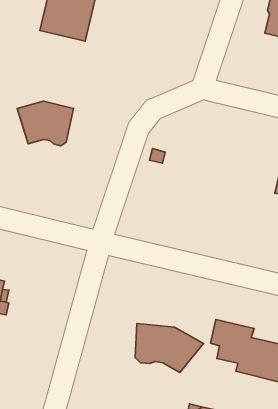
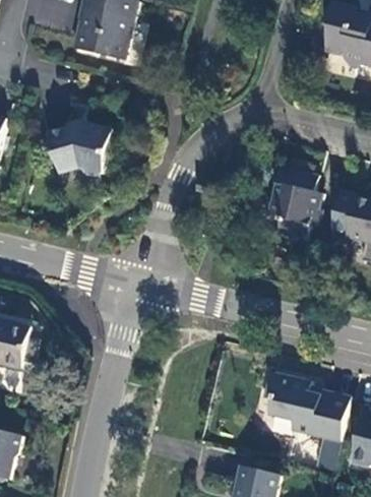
building: none -> [269,164,324,240]
building: [135,324,203,373] -> none

